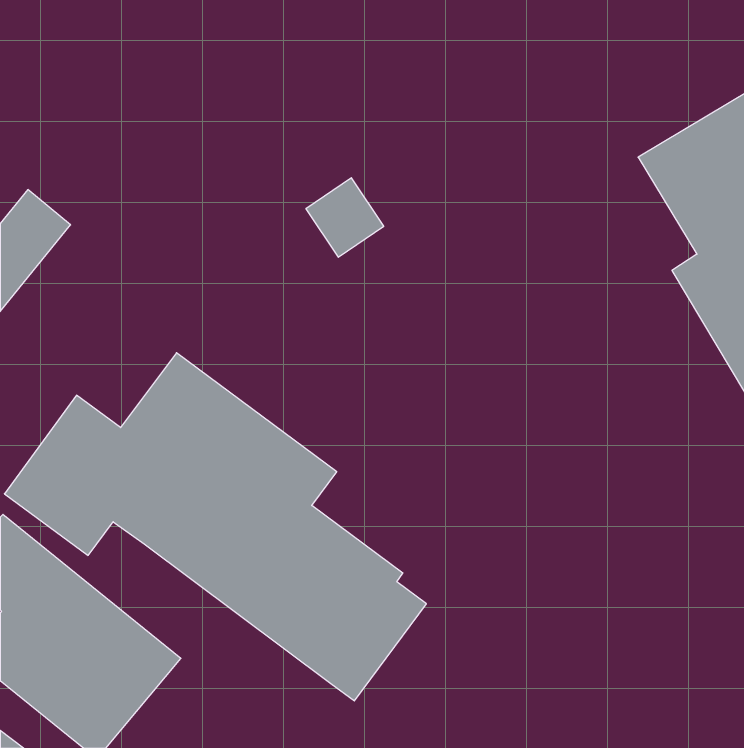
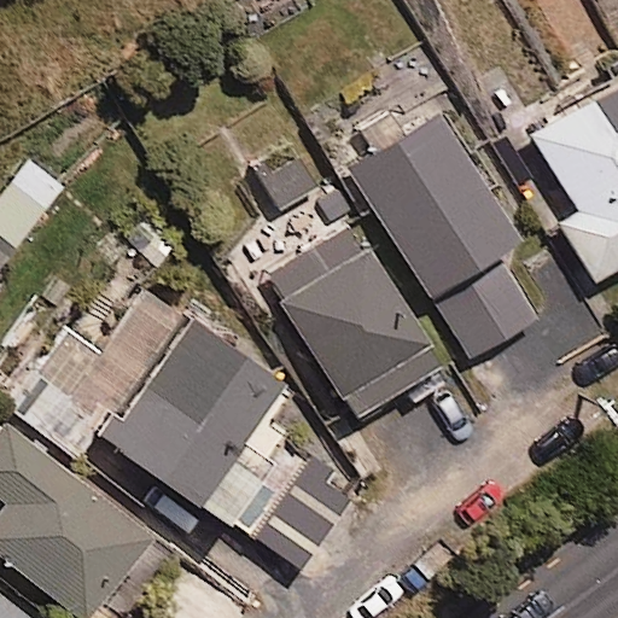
building: none -> [352,113,537,358]
building: none -> [262,222,441,421]

